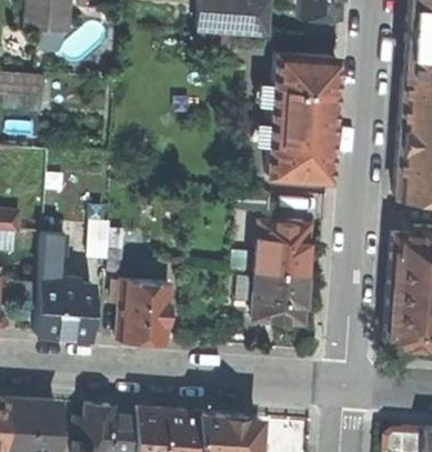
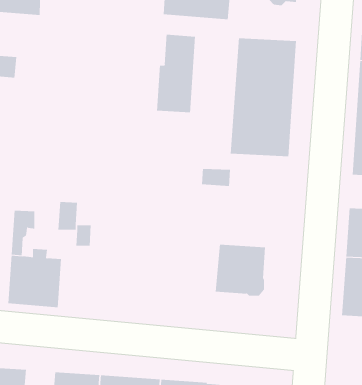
building: none -> [157,34,195,113]
building: [260,222,314,274] -> none
building: [120,281,172,342] -> none

